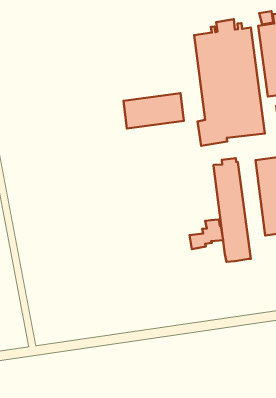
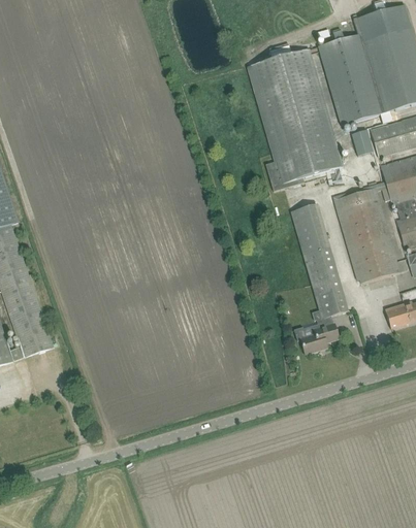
building: [123,93,184,128] -> none
building: [189,219,223,249] -> [299,316,339,354]

